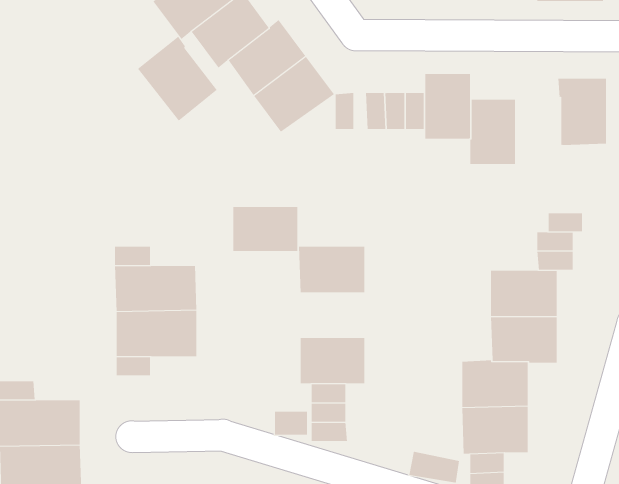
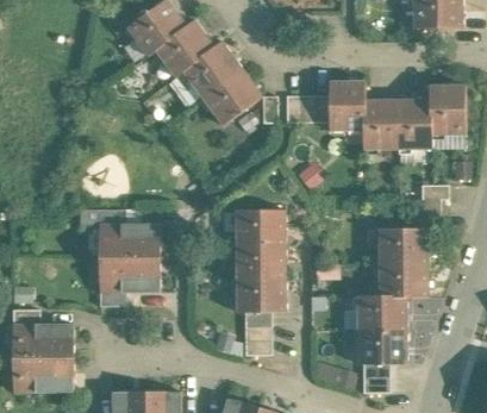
building: [137,36,218,122] -> none
building: none -> [397,100,431,150]
building: [232,207,298,251] -> [236,245,285,279]

